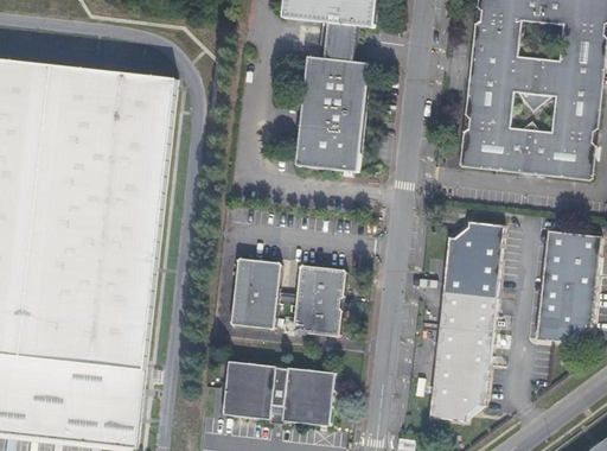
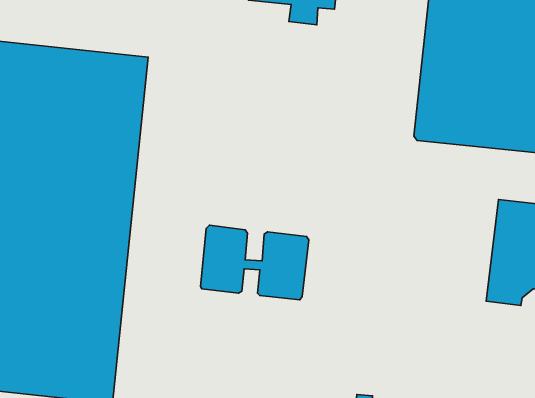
building: [294,40,369,172] -> none
building: [428,222,503,420] -> none
building: [224,362,334,426] -> none

